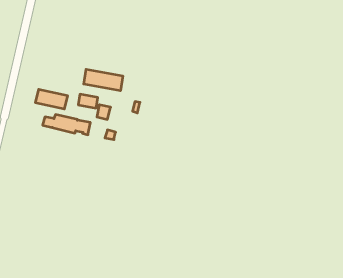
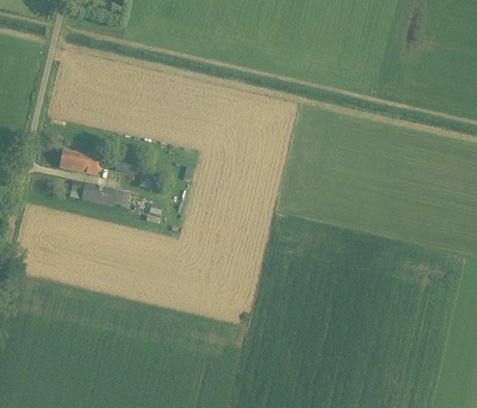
building: [84,69,123,91] -> none

